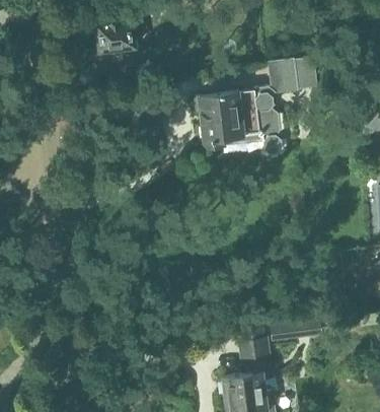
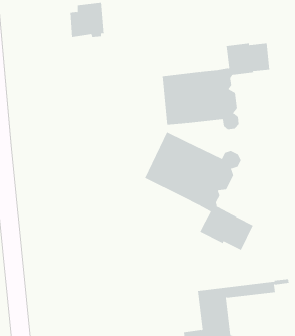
building: none -> [145,132,253,251]

